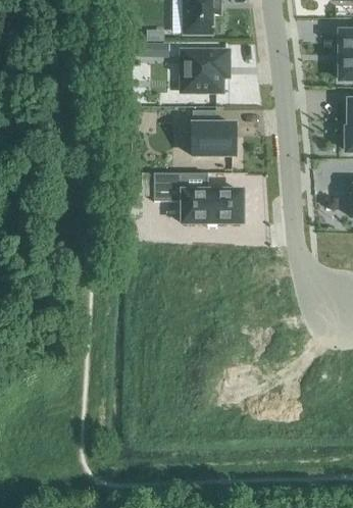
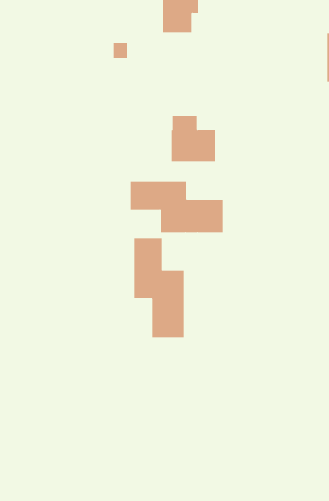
building: [182,50,228,91] -> none
building: none -> [134,238,184,338]

